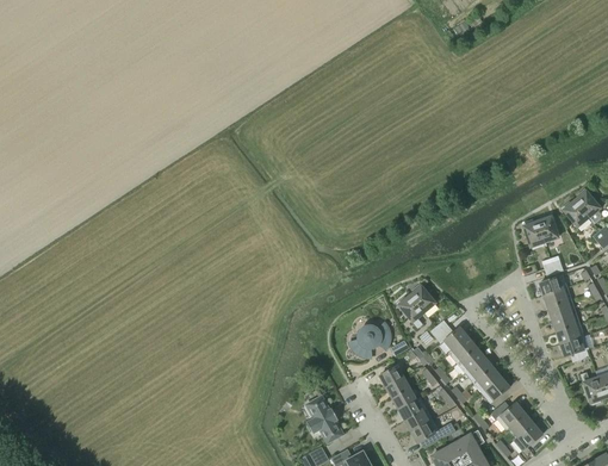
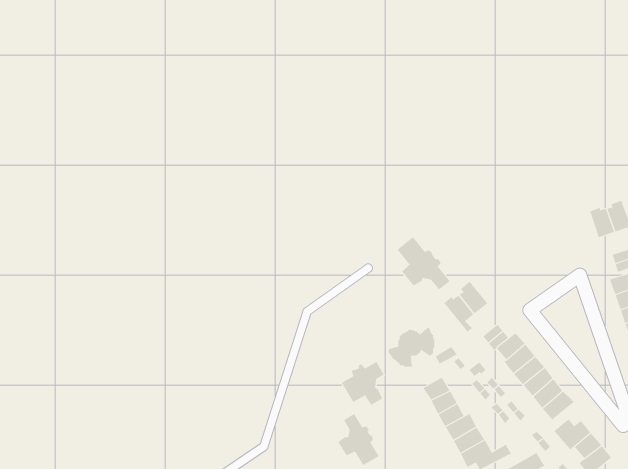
building: none -> [397,236,450,290]
building: none -> [341,361,384,406]

